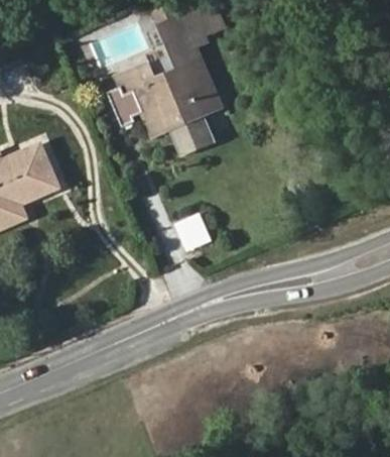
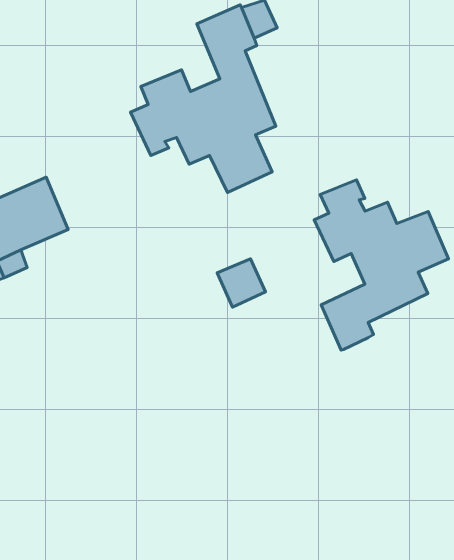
building: none -> [314,180,449,350]

